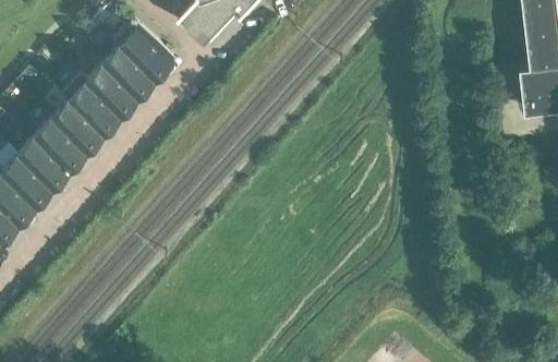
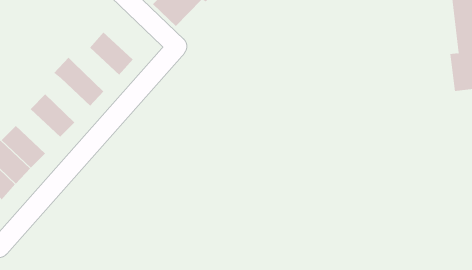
building: [114,23,173,81] -> none
building: [87,67,140,118] -> none
building: [53,102,106,154] -> none
building: [20,138,71,190] -> none

